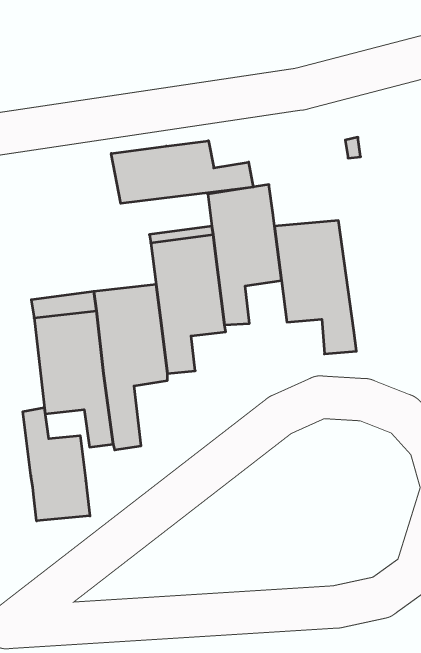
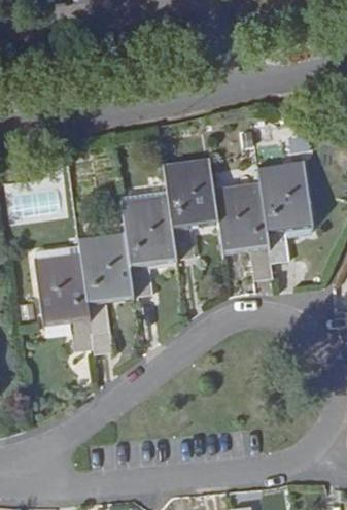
building: [111,141,253,203] -> none
building: none -> [257,162,311,265]
building: [23,407,90,521] -> none

